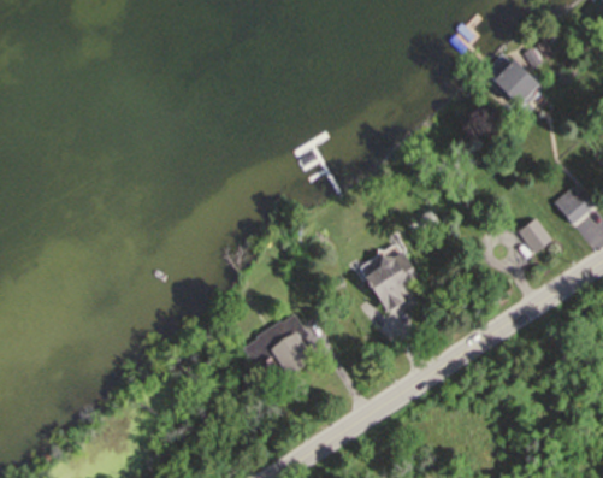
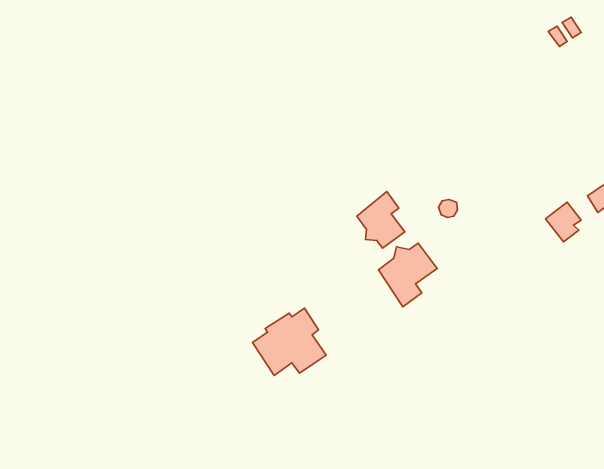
building: [490,58,538,105] -> none
building: none -> [357,192,405,248]

